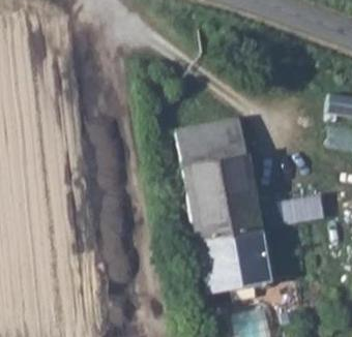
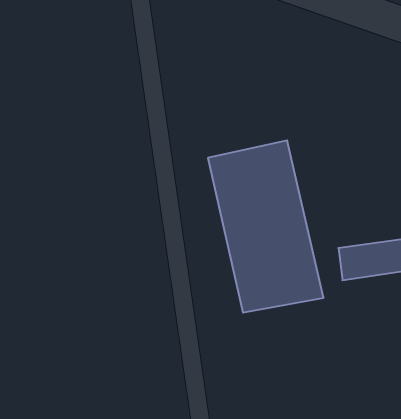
building: [202,238,272,299] -> none

